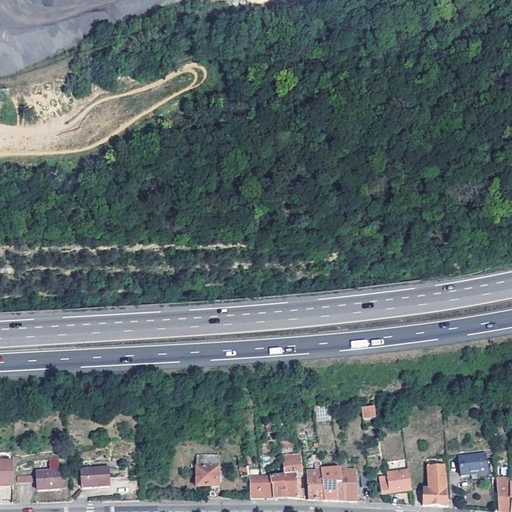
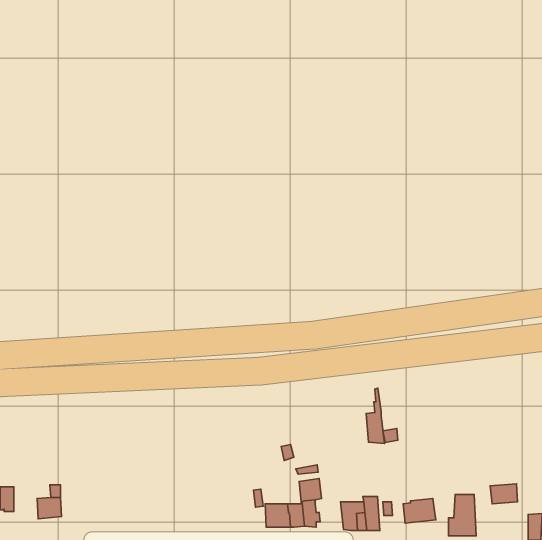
building: [307,447,324,499] -> [366,388,384,443]
building: [191,454,218,496] -> none
building: [80,466,107,486] -> none

